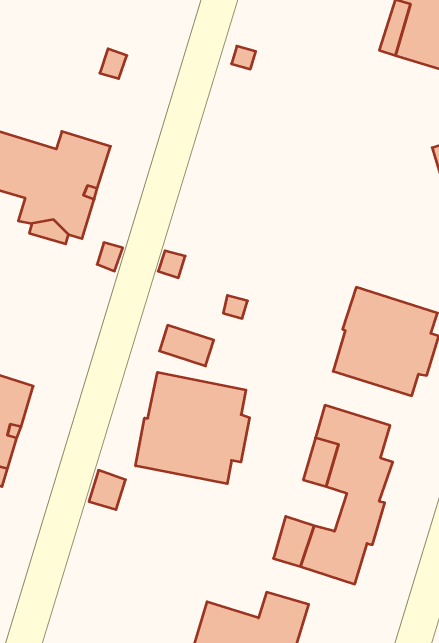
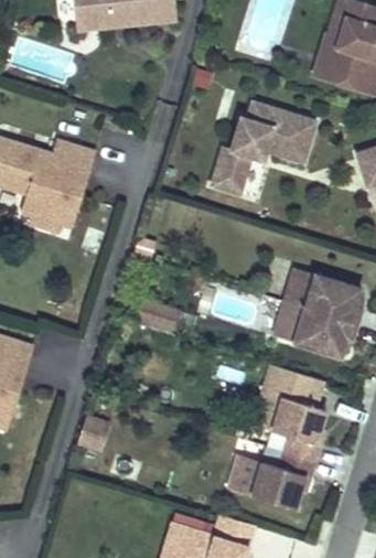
building: none -> [212,100,316,193]
building: [136,372,250,484] -> none

